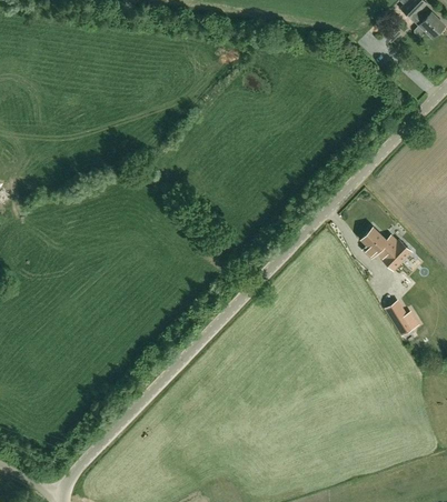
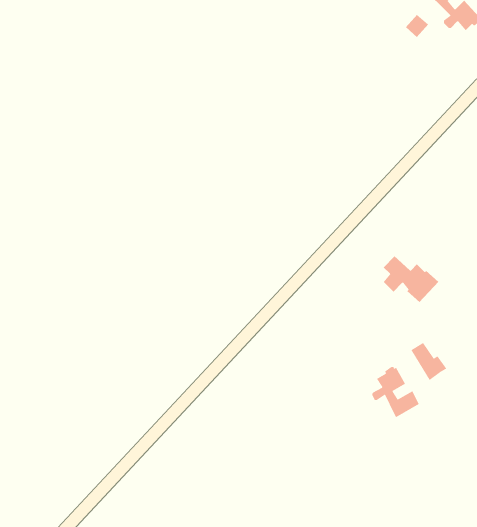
building: none -> [372,366,419,418]

